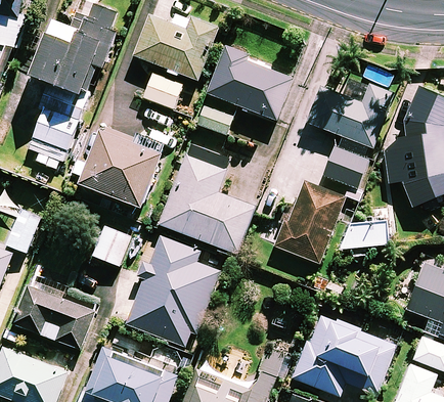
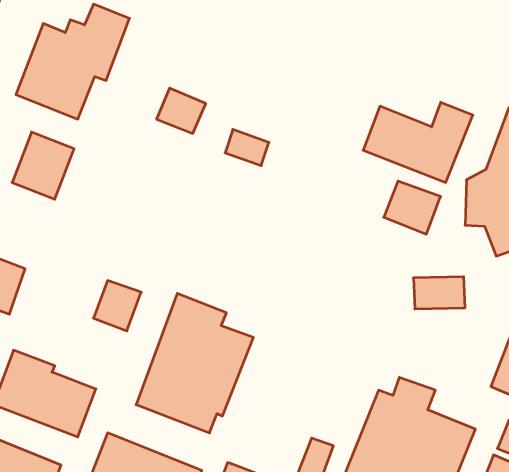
building: [133,11,217,80] -> none
building: [206,46,292,121] -> none
building: [80,133,162,209] -> none
building: [159,144,254,254] -> none
building: [273,181,344,263] -> none

